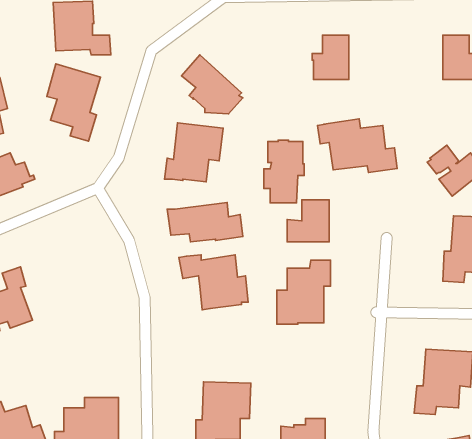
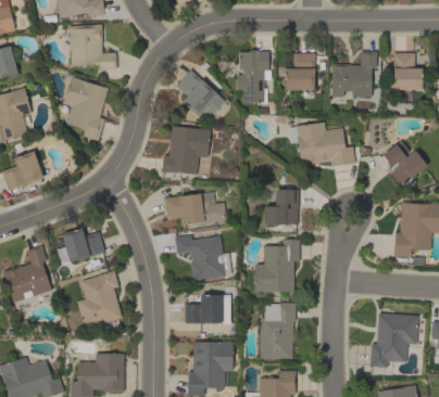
building: none -> [331,52,377,98]
building: [264,140,304,203] -> [237,51,271,103]
building: none -> [53,228,105,264]
building: none -> [77,270,123,329]
building: none -> [185,295,231,324]
building: none -> [260,303,296,359]

